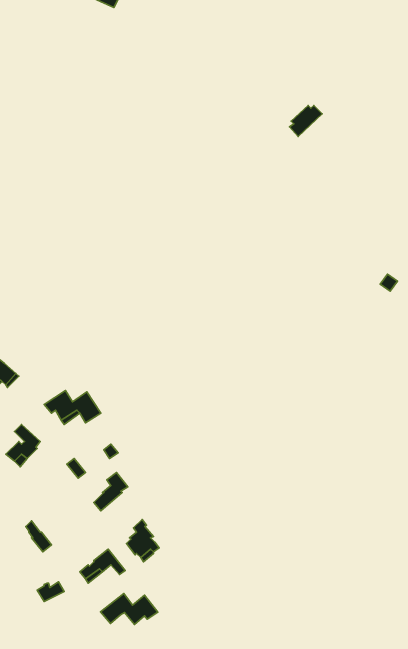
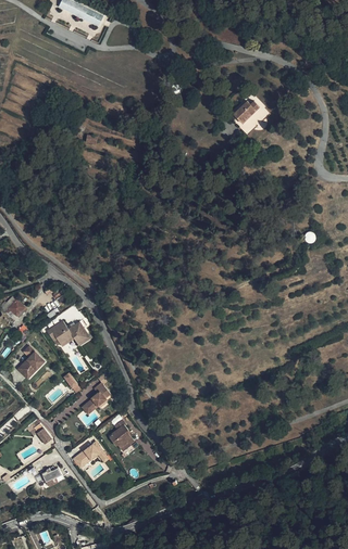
building: [101,593,158,625] -> none

